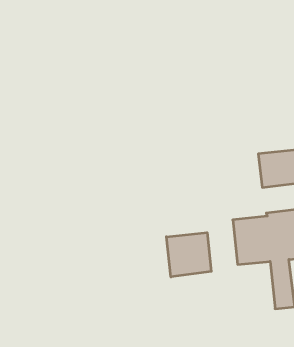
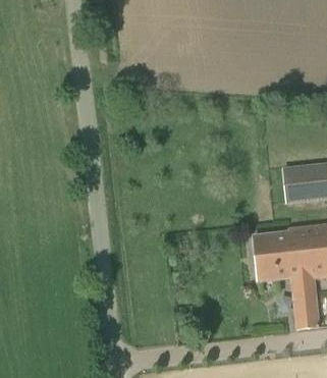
building: [166,233,211,277] -> none

